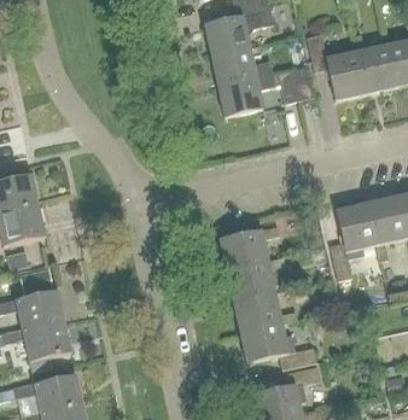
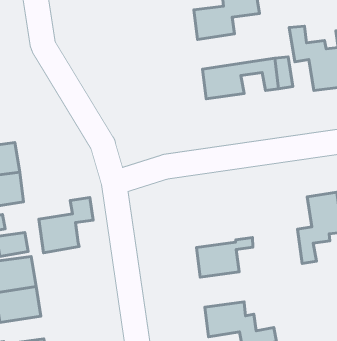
building: [211,47,272,86] -> none
building: [218,224,278,269] -> none
building: none -> [39,197,93,253]
building: [232,291,296,329] -> none

